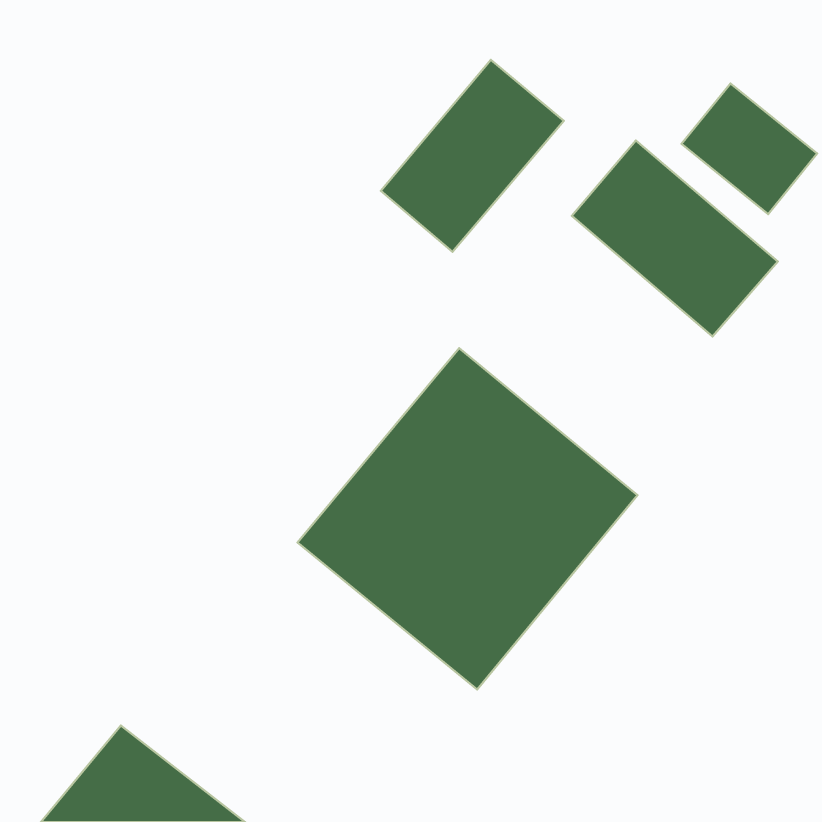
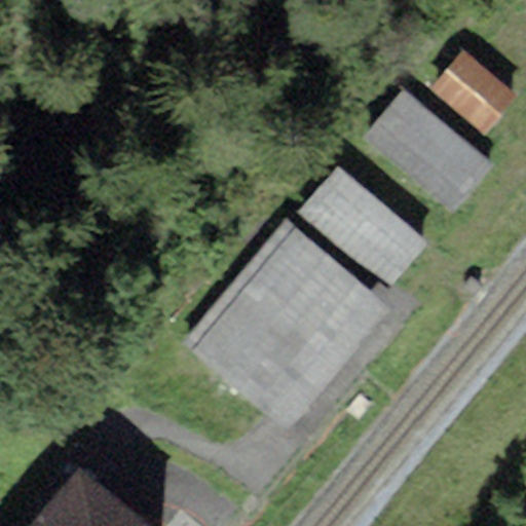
building: [381,60,564,252] -> none
building: none -> [298,165,428,291]

